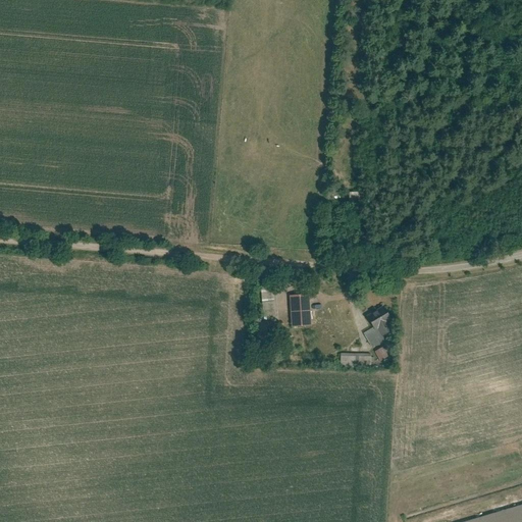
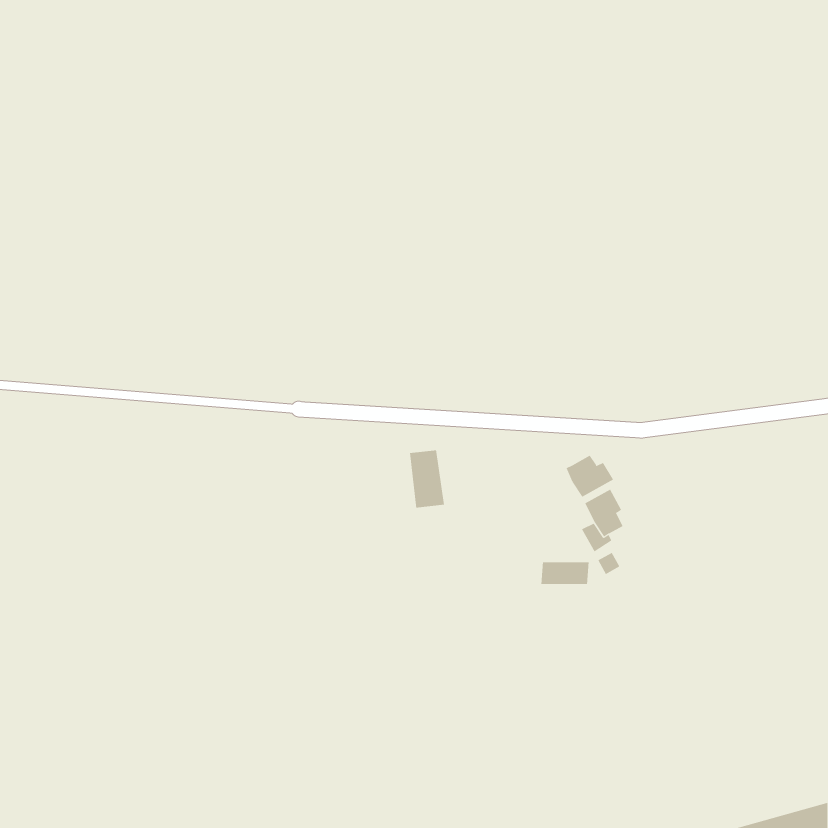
building: none -> [566,455,614,498]
building: [290,295,311,328] -> none

